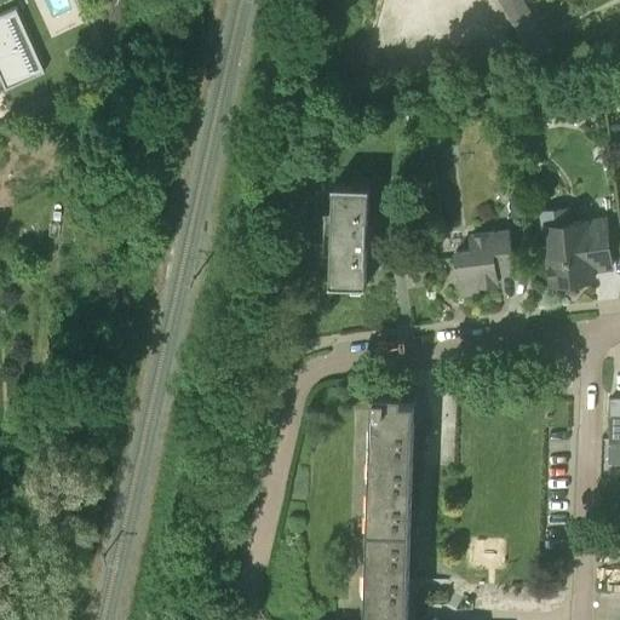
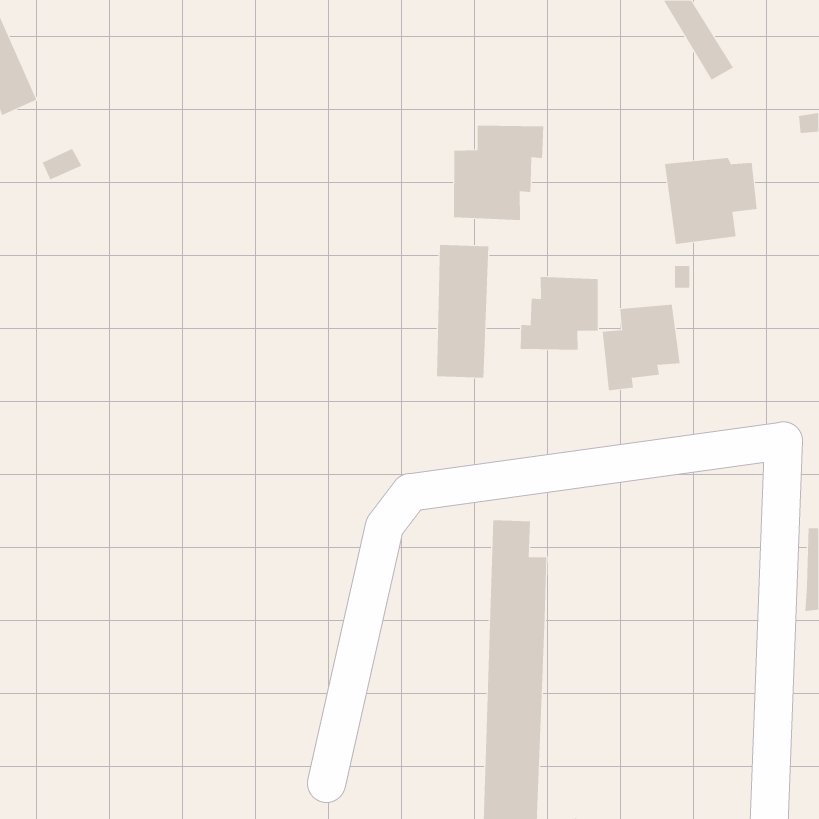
building: none -> [454,125,544,221]
building: none -> [520,276,598,350]
building: [538,220,608,286] -> [664,158,757,244]

